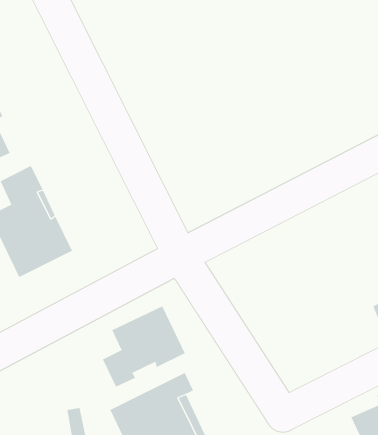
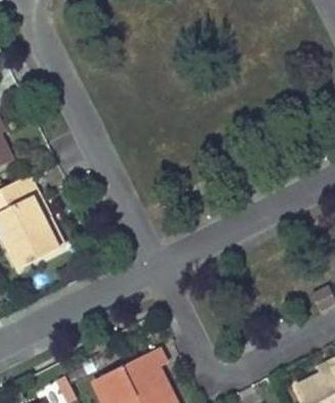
building: [102,305,185,388] -> none

